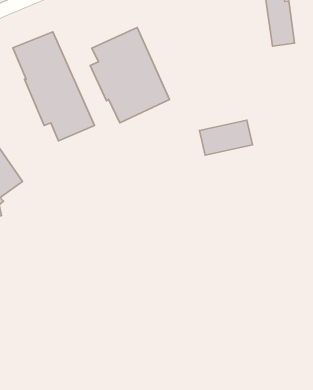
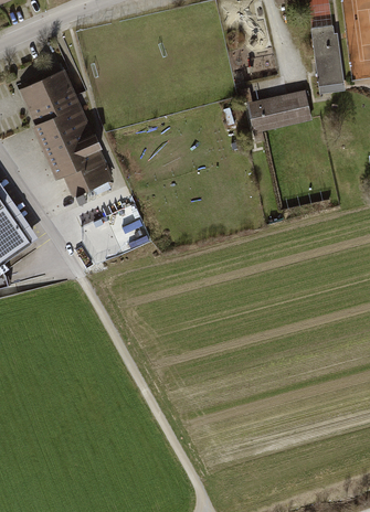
building: [90,27,170,123] -> none
building: [199,120,253,155] -> [249,89,310,130]

